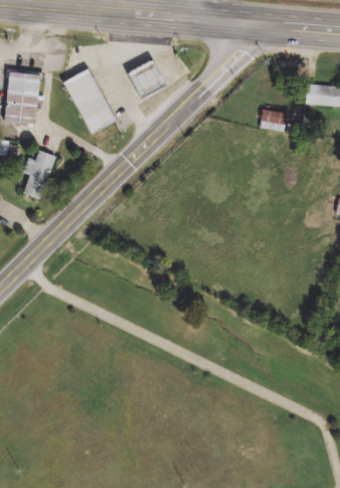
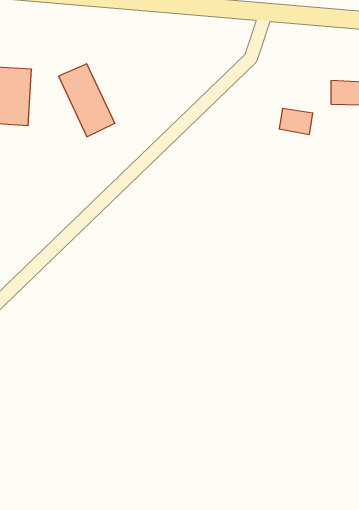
building: [125,59,164,99] -> none
building: [23,150,56,199] -> none

